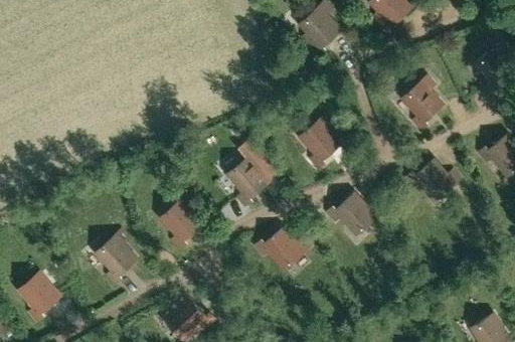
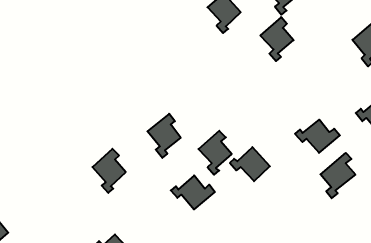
building: [401,76,442,130] -> [260,17,294,61]
building: [299,115,339,168] -> [198,131,232,175]
building: none -> [320,153,355,198]
building: [95,230,136,284] -> none

